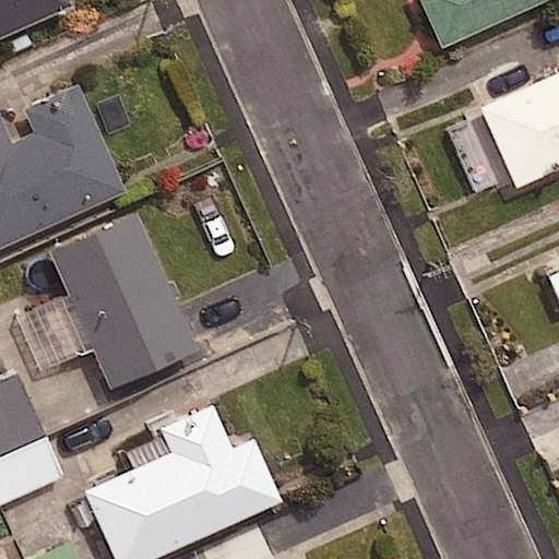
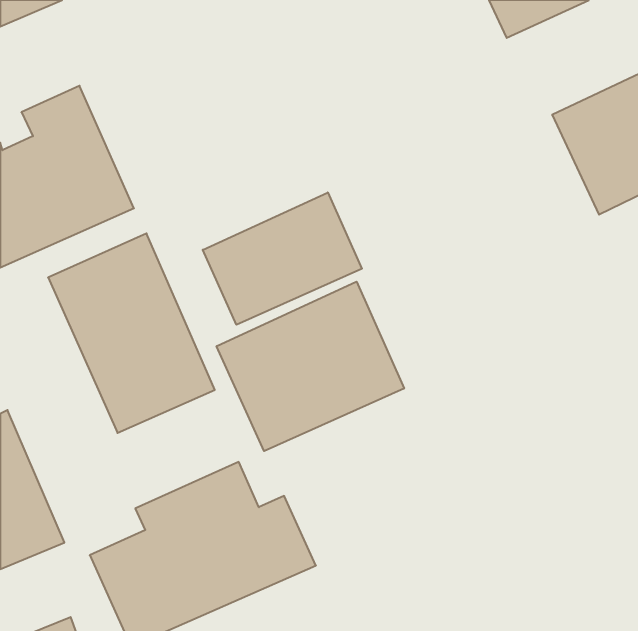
building: none -> [203,192,362,325]
building: none -> [217,282,404,451]

